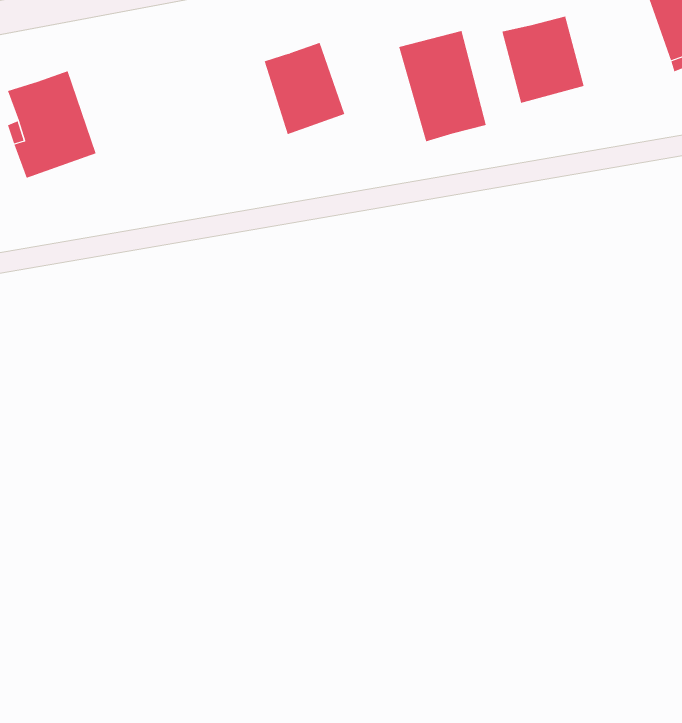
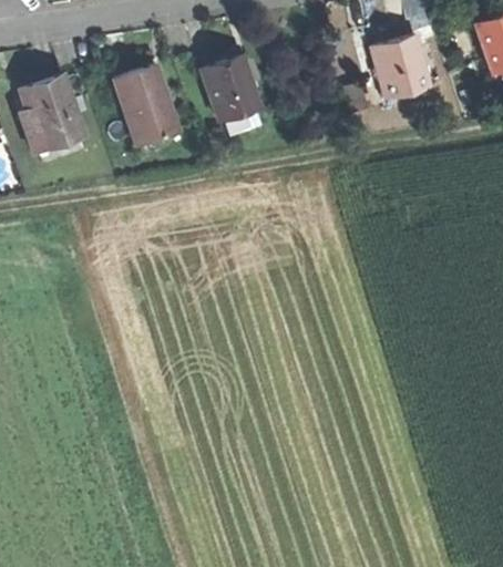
building: [398,30,487,142] -> none
building: none -> [114,65,178,146]

